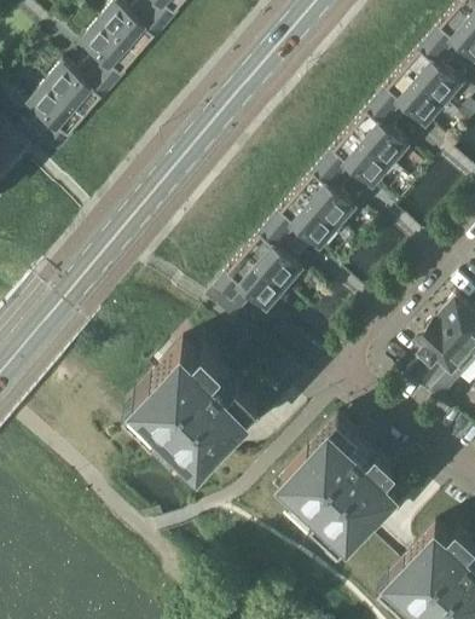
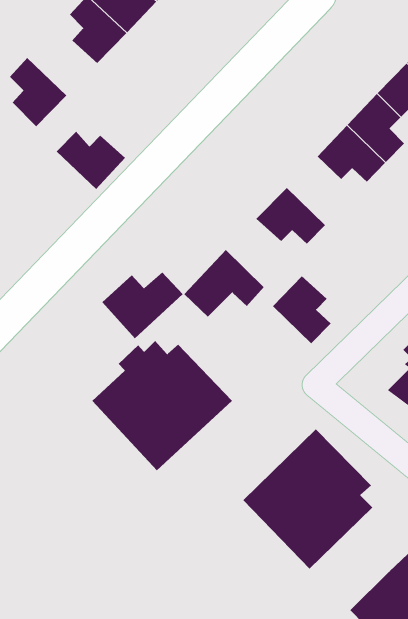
building: [46,66,112,121] -> [56,131,126,190]
building: [297,166,353,230] -> none
building: [243,227,300,291] -> [272,276,331,344]
building: none -> [101,271,183,339]

